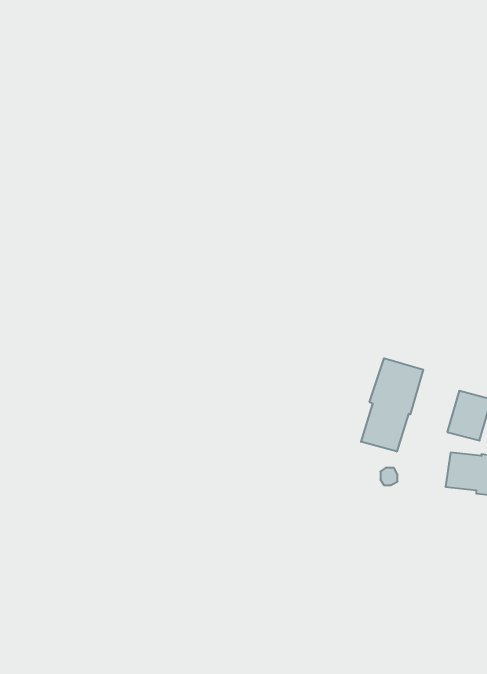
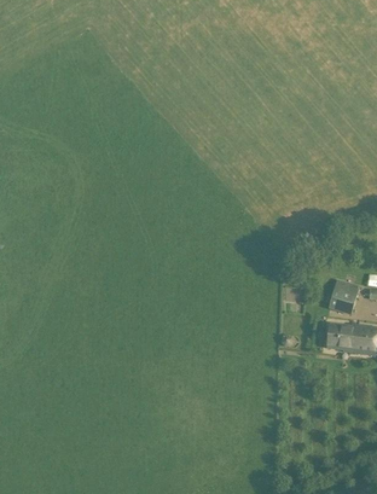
building: [361,358,423,452] -> none

